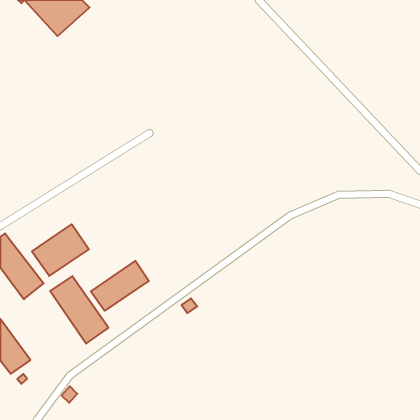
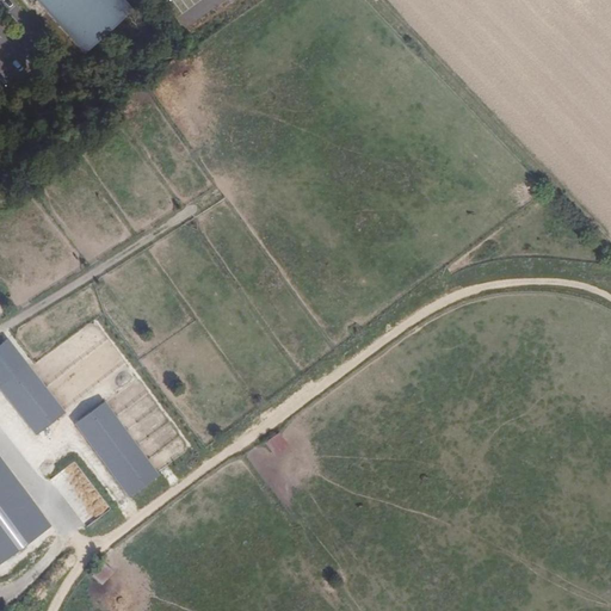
building: [32,224,89,276] -> none
building: [91,261,149,311] -> none

